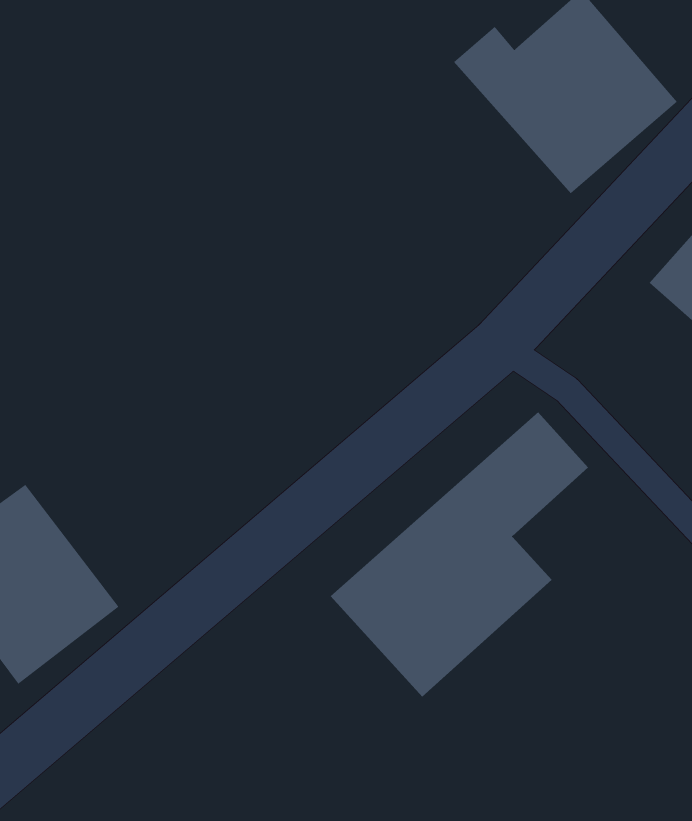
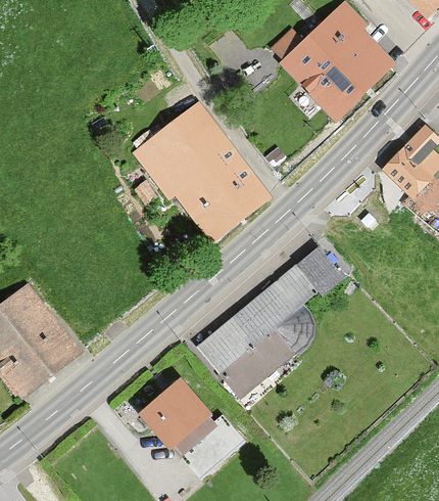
building: none -> [134,106,266,244]
building: none -> [139,376,208,445]

